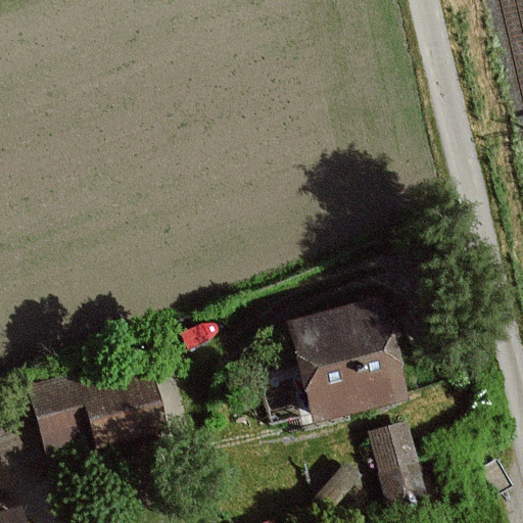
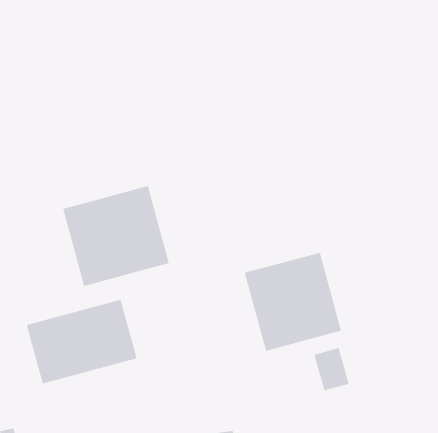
building: none -> [63,185,169,287]

